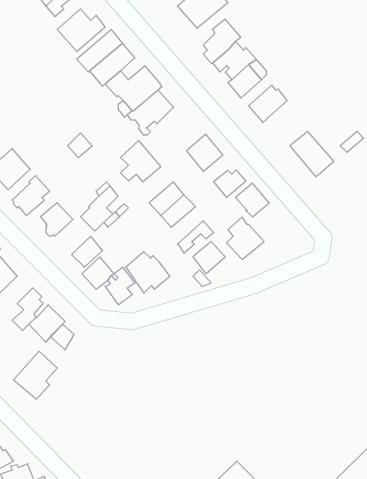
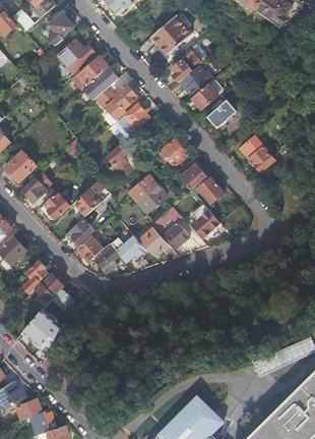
building: none -> [137,226,168,255]

